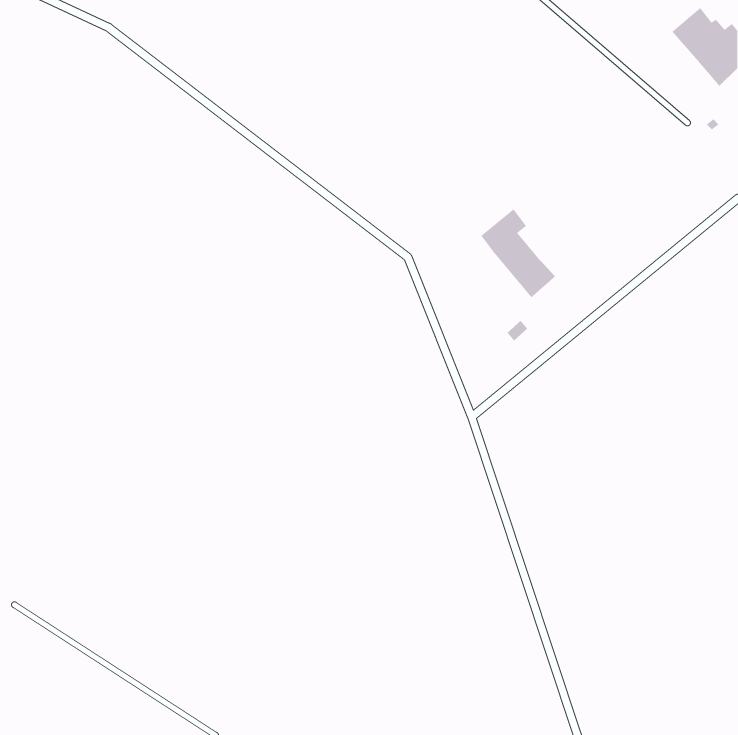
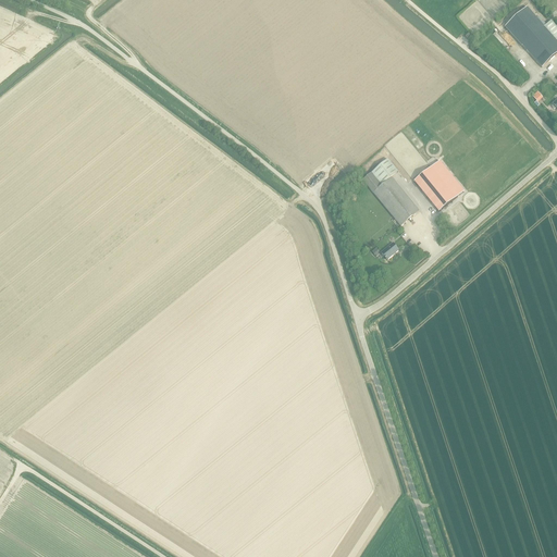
building: none -> [412,158,463,209]

